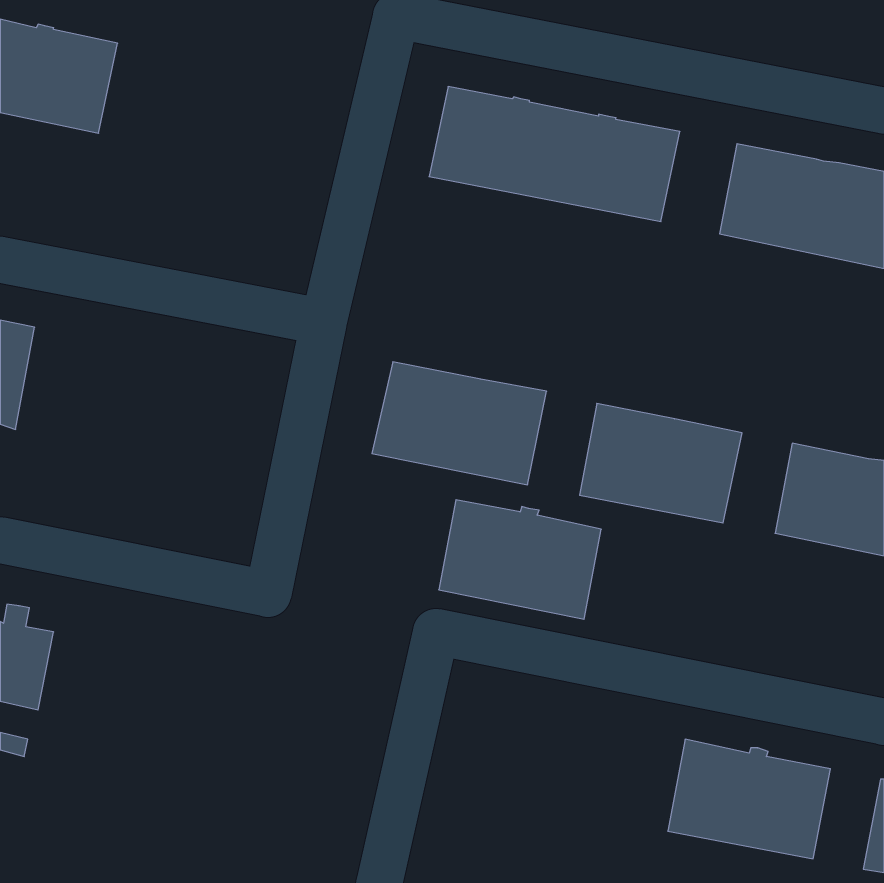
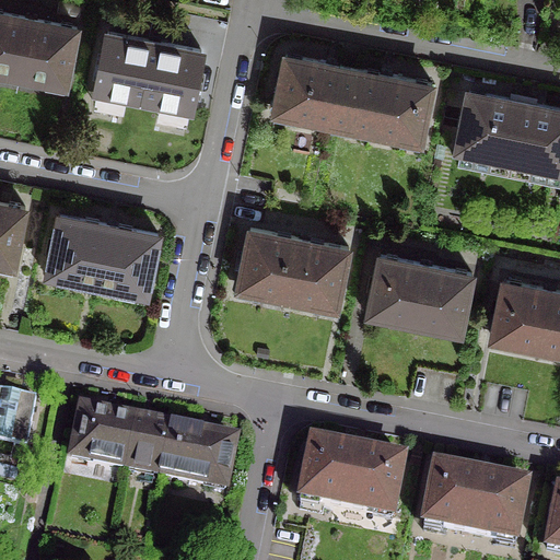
building: none -> [95,34,198,108]
building: none -> [45,215,155,303]
building: [439,500,601,619] -> [299,444,401,520]
building: none -> [70,410,233,490]

